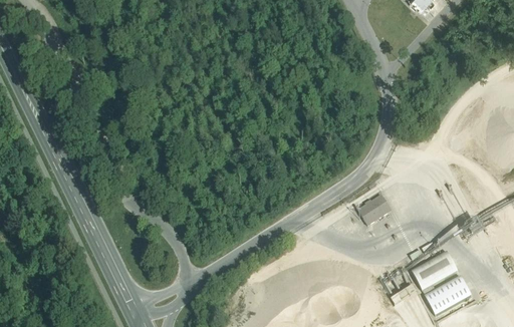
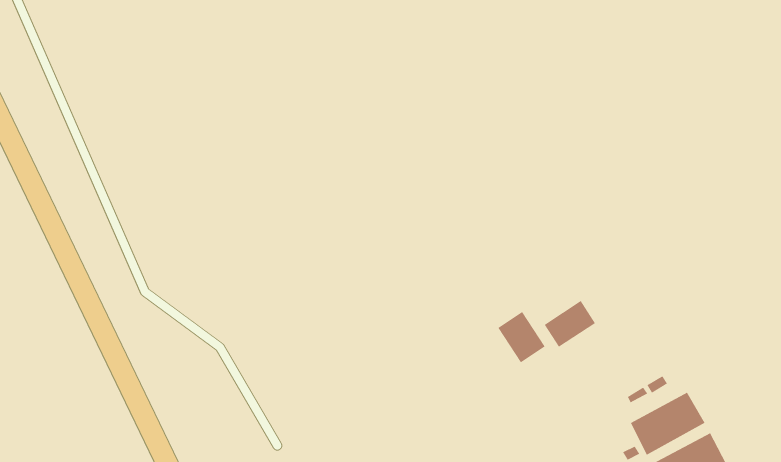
building: none -> [498,311,545,363]

